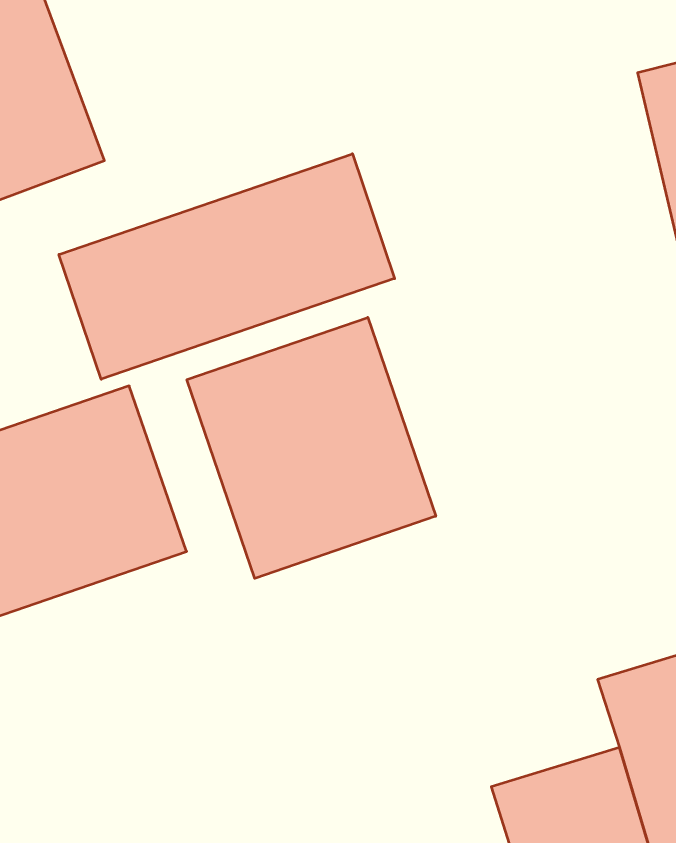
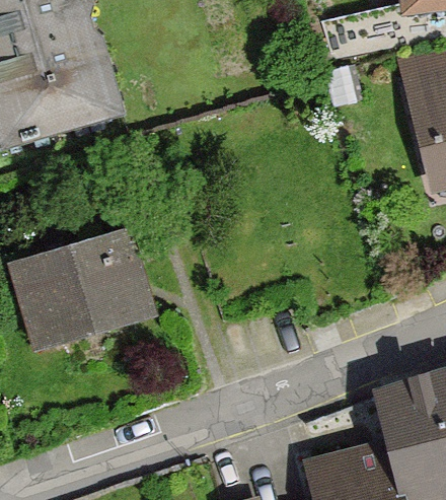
building: [59,154,395,379] -> none
building: [187,317,436,578] -> none

